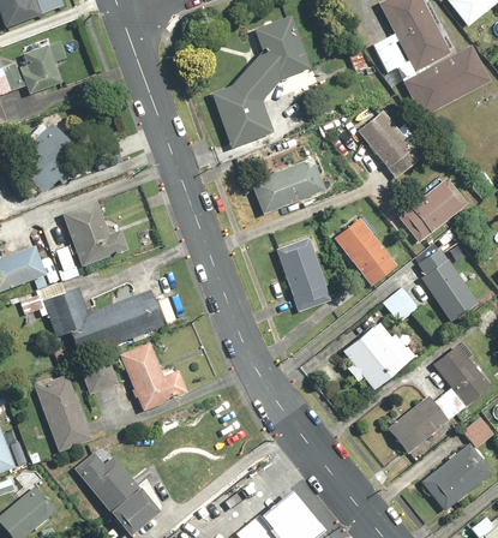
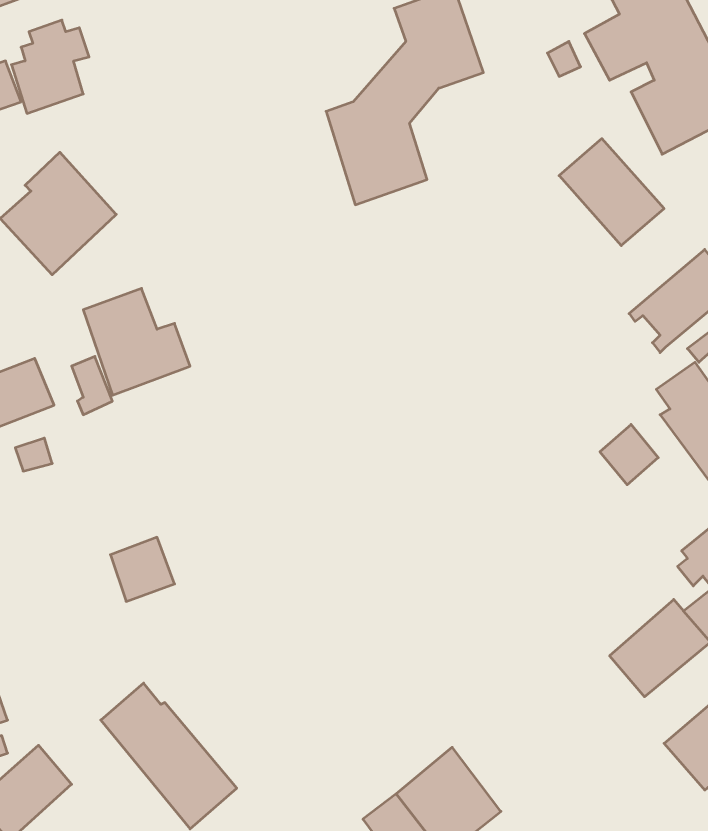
building: [251,157,324,214] -> none
building: [334,216,398,285] -> none
building: [276,237,331,312] -> none
building: [43,281,166,357] -> none
building: [341,322,415,390] -> none
building: [118,341,188,412] -> none
building: [34,373,91,452] -> none

